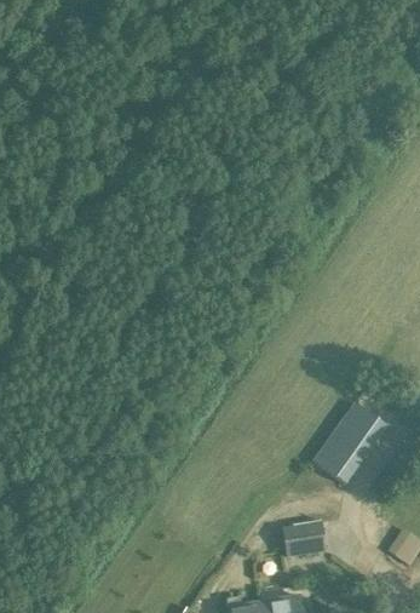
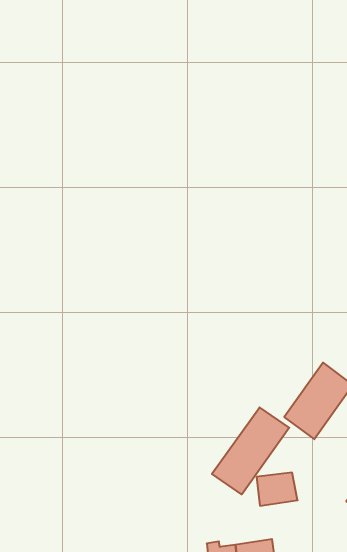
building: none -> [212,407,289,494]

